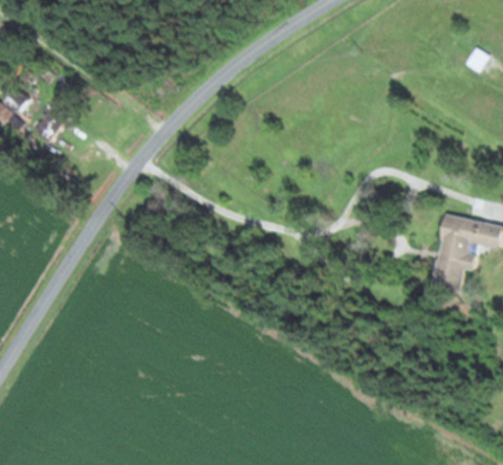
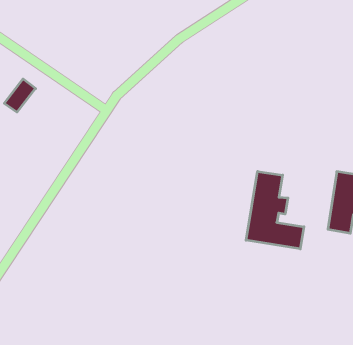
building: none -> [246,171,304,249]

